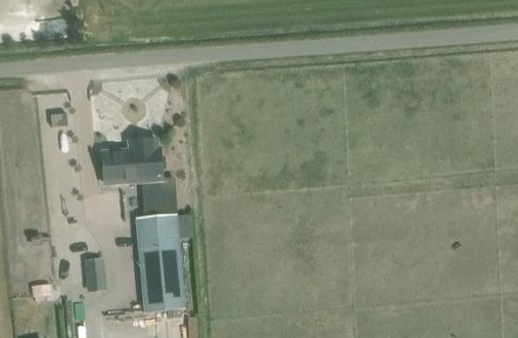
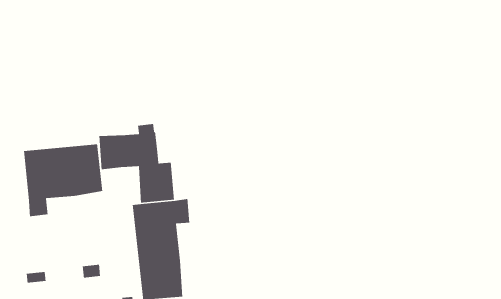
building: none -> [23,144,103,217]

